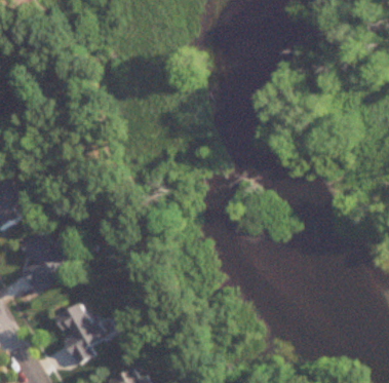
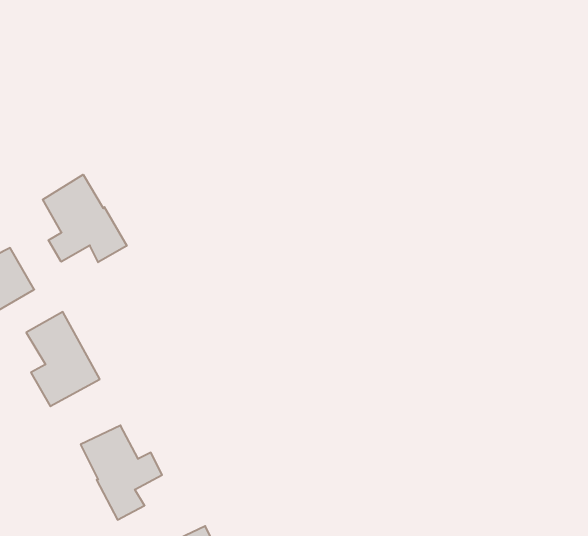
building: none -> [43,175,127,262]

